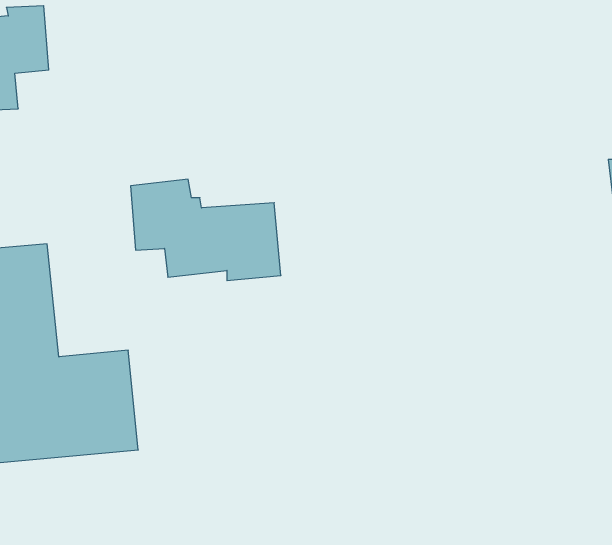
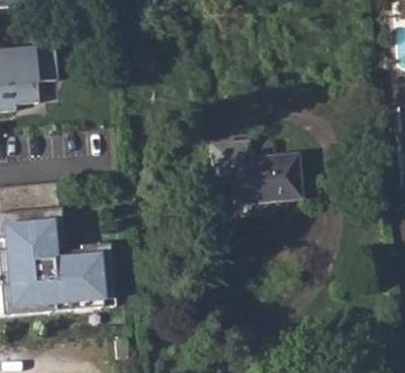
building: [131,179,281,281] -> [210,141,299,202]

